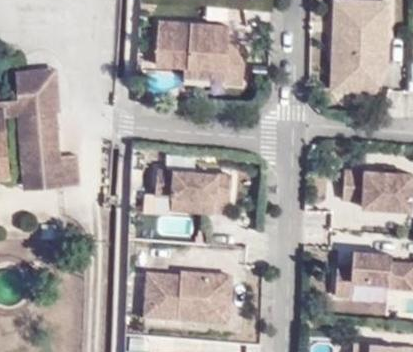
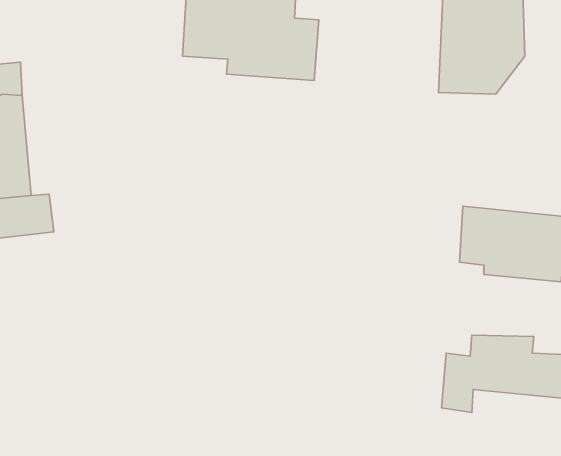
building: [150,166,229,217] -> none
building: [140,269,228,325] -> none

